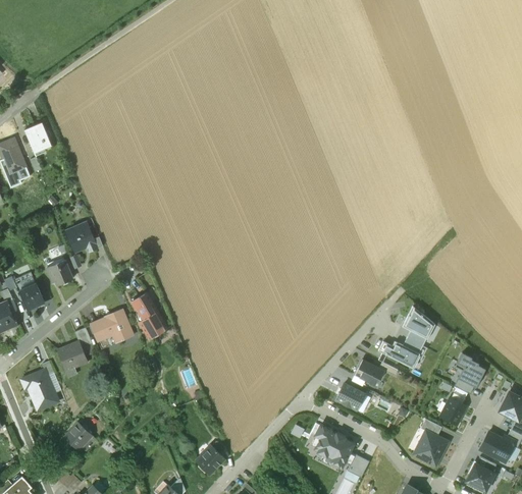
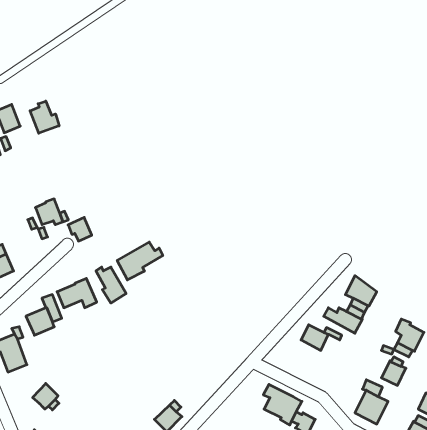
building: none -> [30,101,59,133]
building: [47,260,72,285] -> [68,217,92,241]
building: none -> [117,242,163,280]
building: [335,385,367,413] -> none

